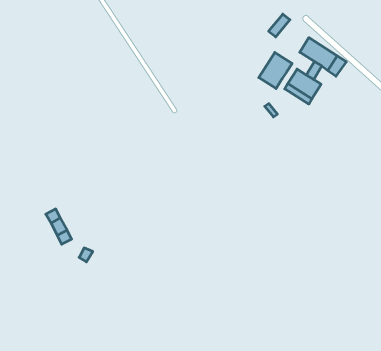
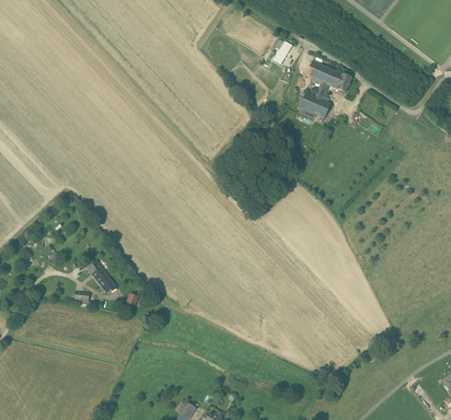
building: [259,52,292,89] -> none

